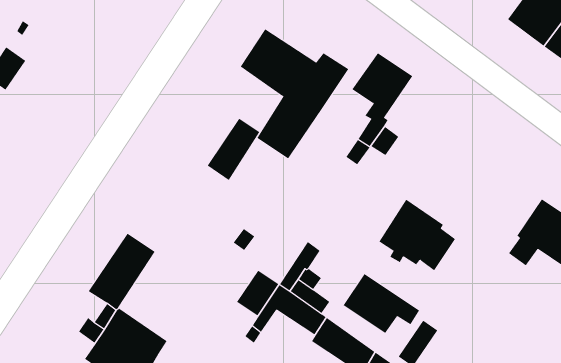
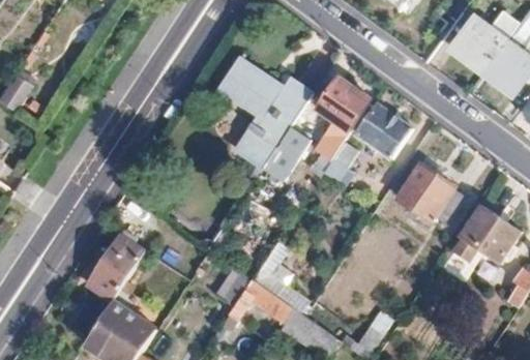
building: none -> [355,103,410,157]
building: [207,118,260,181] -> [262,125,308,180]
building: [379,199,456,271] -> [396,161,464,224]
building: [343,273,420,334] -> none

